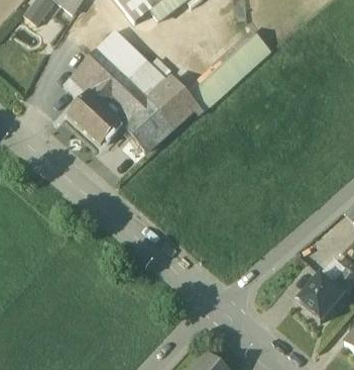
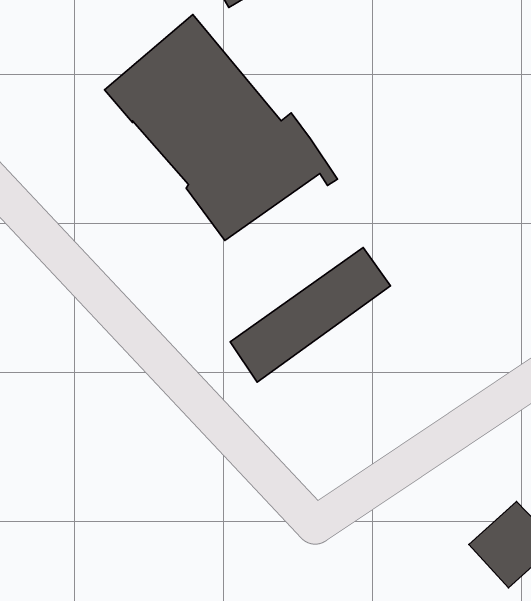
building: [187,30,270,110] -> [230,247,390,382]
building: [69,91,123,146] -> none

